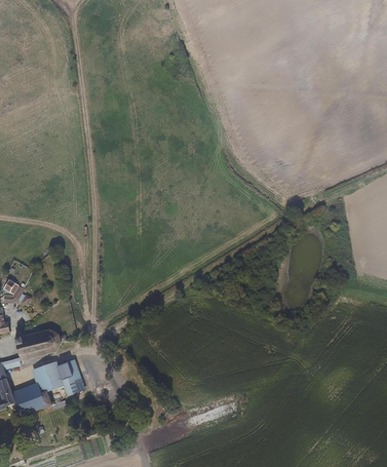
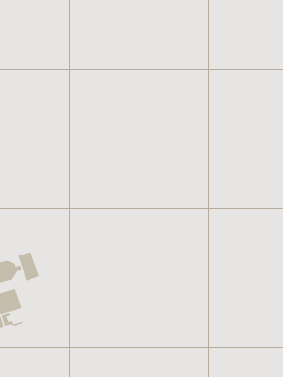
building: [57,360,83,394] -> [17,252,40,282]

